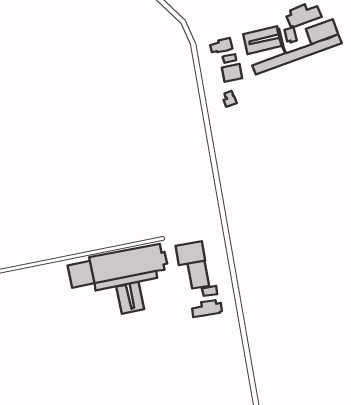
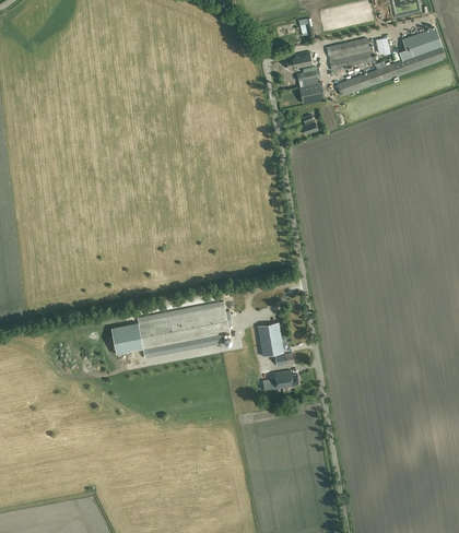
building: [286,4,322,27] -> none
building: [175,241,205,265] -> none
building: [116,282,144,314] -> none

